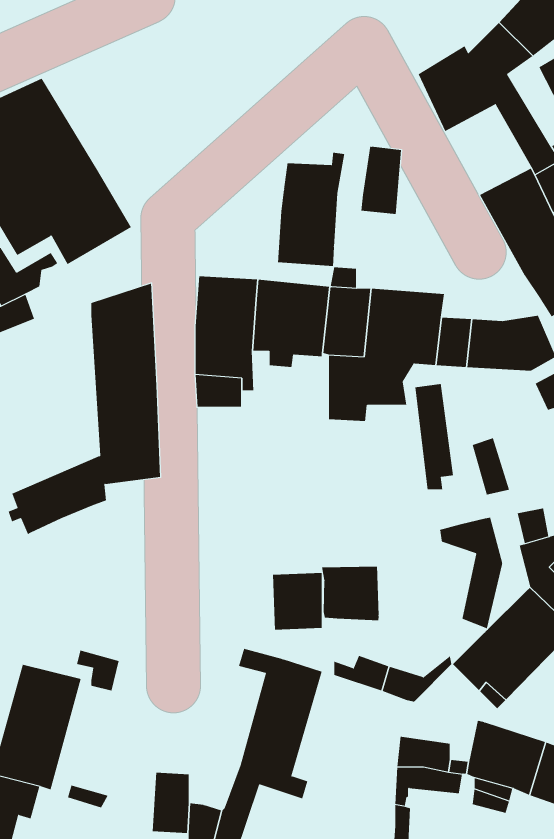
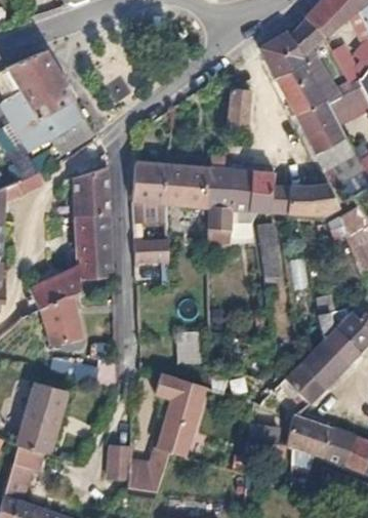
building: none -> [275,64,324,115]
building: [278,152,345,267] -> none
building: none -> [134,239,169,285]
building: none -> [39,292,83,352]
building: [439,517,503,629] -> none
building: [322,566,379,621] -> none

